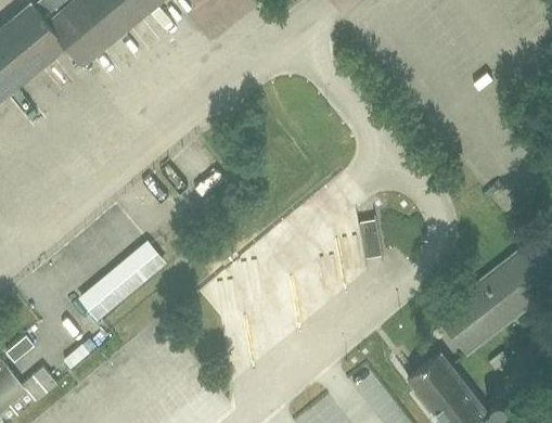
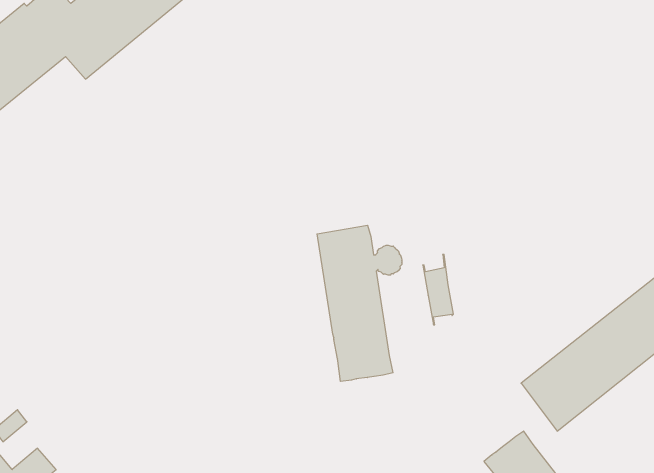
building: none -> [317,225,402,381]
building: [75,241,165,321] -> none

